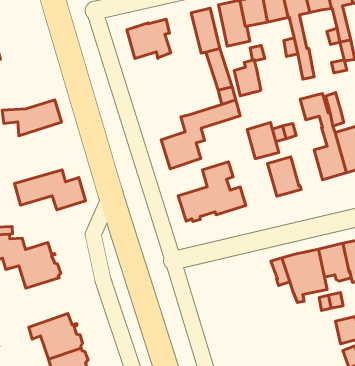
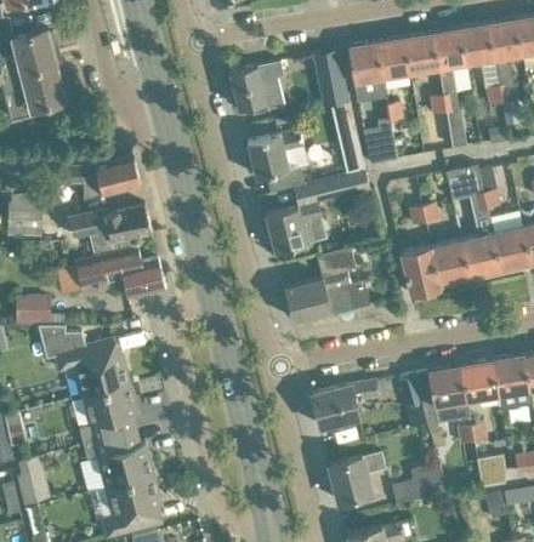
building: none -> [246,130,307,193]
building: [247,123,279,158] -> [431,239,470,284]
building: none -> [69,205,152,255]
building: none -> [312,382,377,428]
building: none -> [79,386,137,446]
building: none -> [329,452,384,503]
building: none -> [392,461,447,504]

